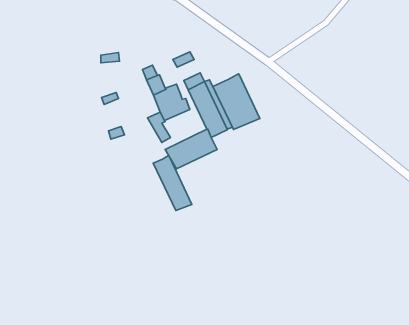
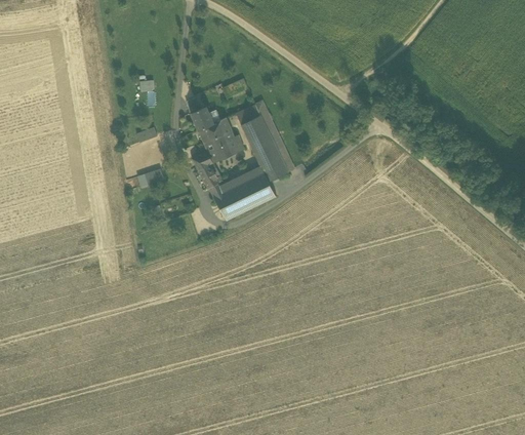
building: [213,74,260,129] -> none
building: [153,155,192,210] -> none

